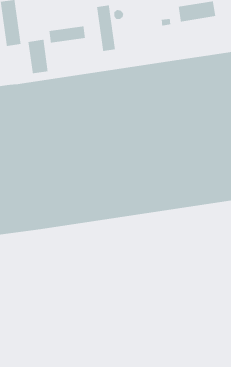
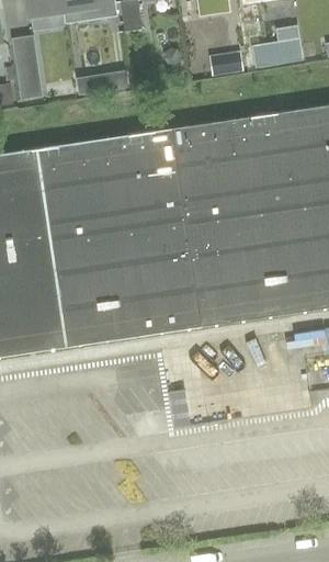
building: [96,4,116,52] -> none
building: [28,39,49,74] -> none

